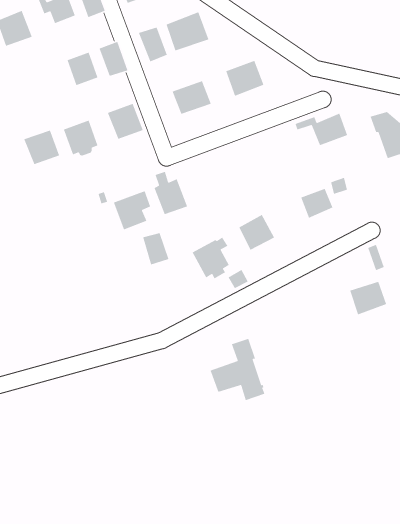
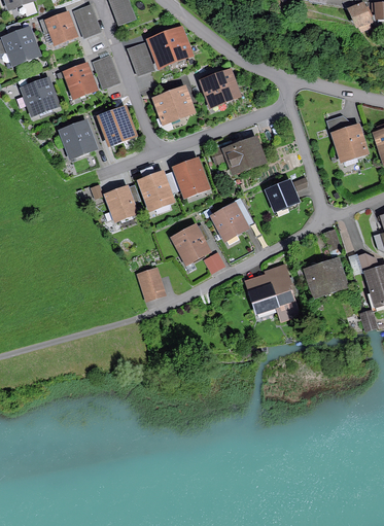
building: [294,113,348,146] -> [214,140,260,169]
building: [23,129,60,165] -> [24,80,56,111]
building: none -> [176,161,206,192]
building: [142,232,170,266] -> [140,270,164,299]
building: [209,338,266,401] -> [250,265,299,319]

